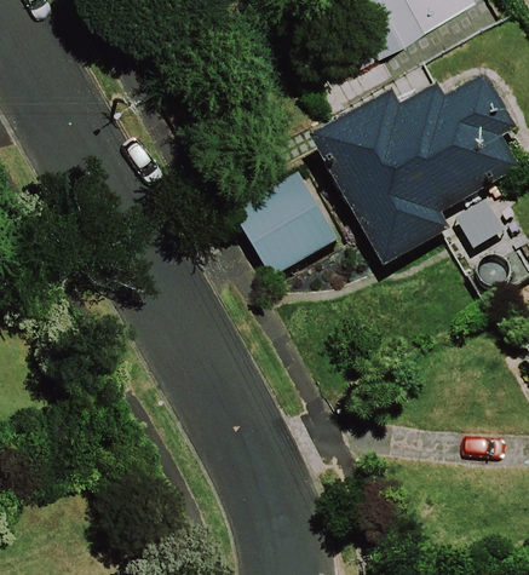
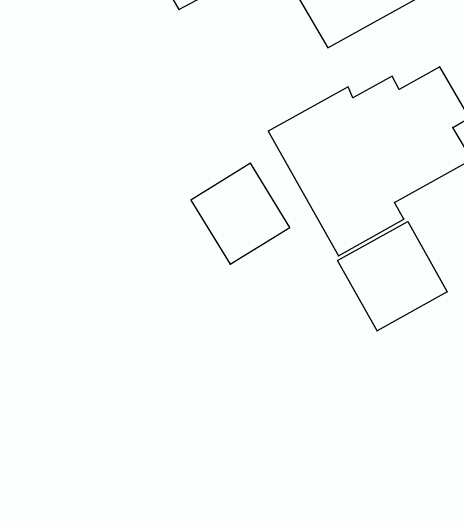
building: none -> [338,222,447,331]

